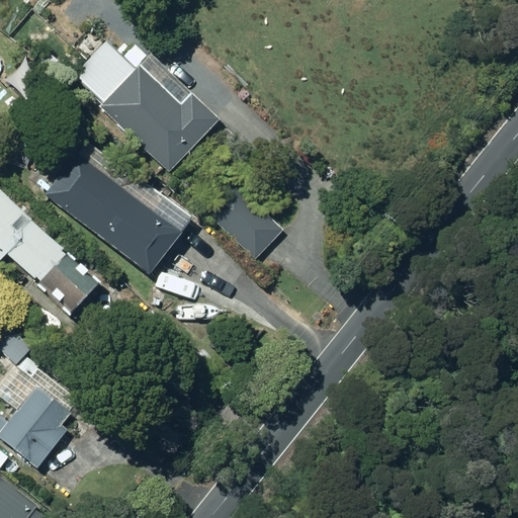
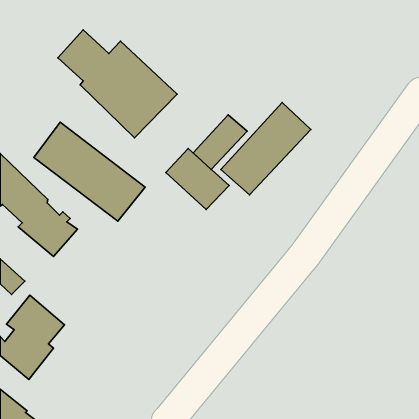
building: none -> [221,102,311,195]
building: none -> [193,115,247,169]

